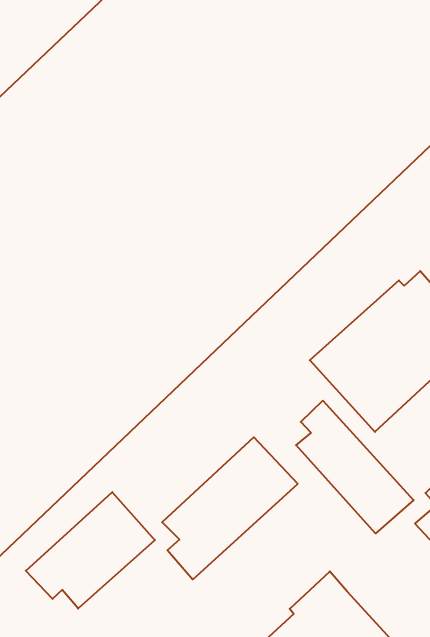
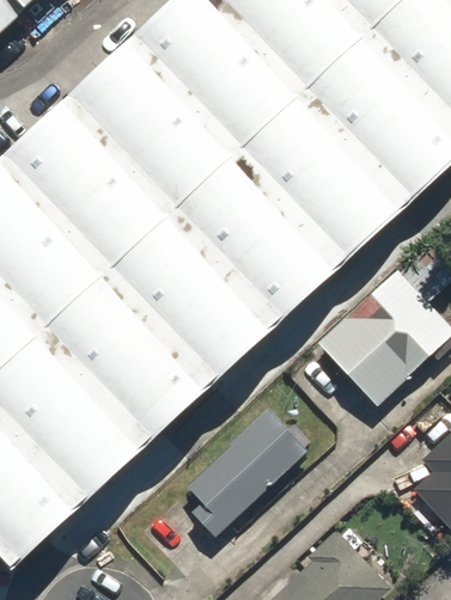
building: [296,401,414,533] -> none
building: [26,492,155,609] -> none

